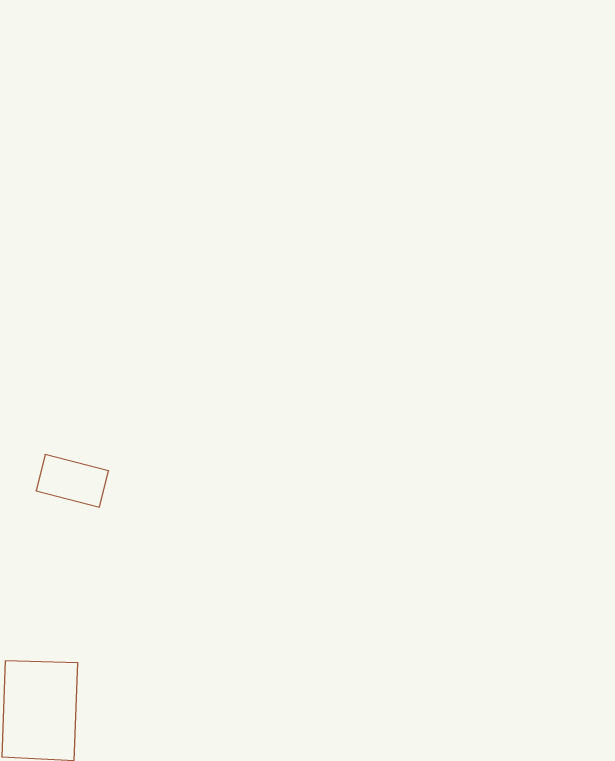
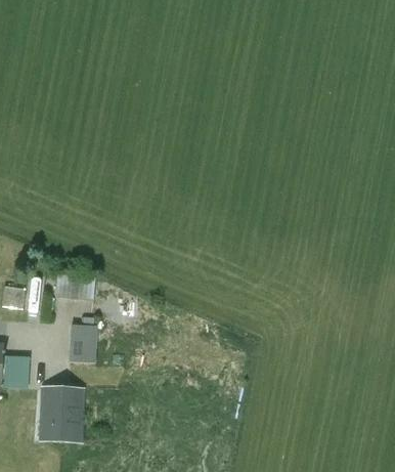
building: none -> [69,328,96,362]

